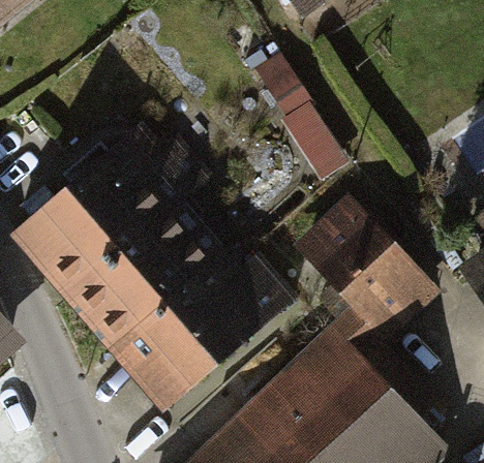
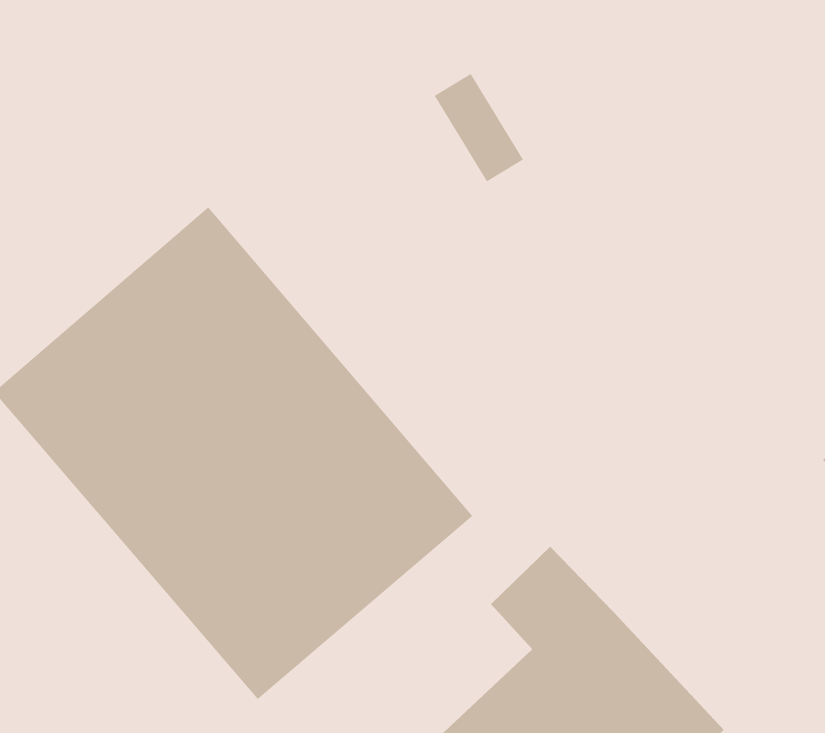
building: [299,198,433,362] -> none

